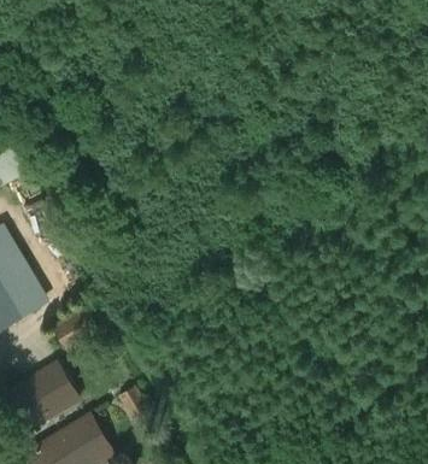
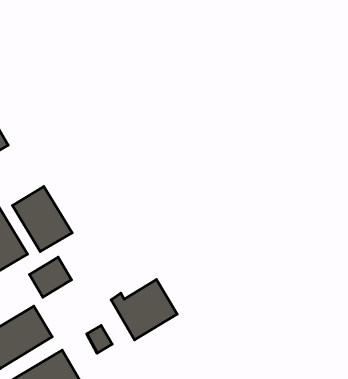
building: none -> [12,187,72,252]
building: none -> [111,280,177,340]

